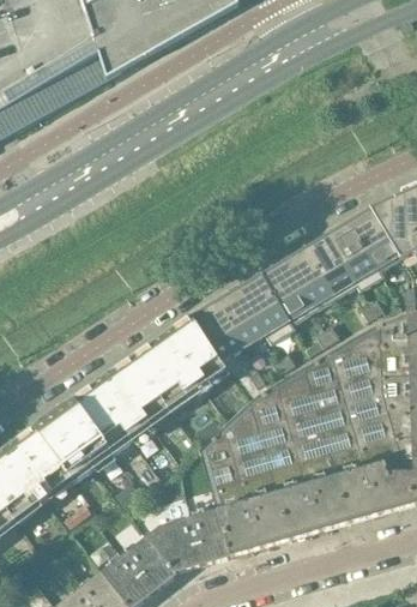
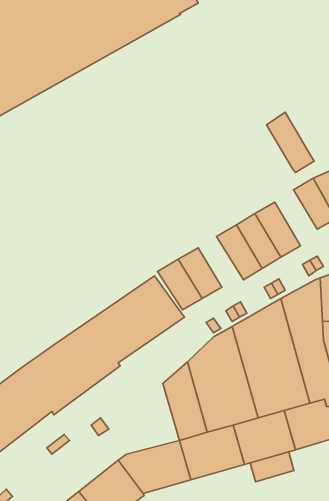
building: [328,221,383,290] -> [266,112,314,172]
building: [240,275,295,343] -> none
building: none -> [250,452,294,482]

